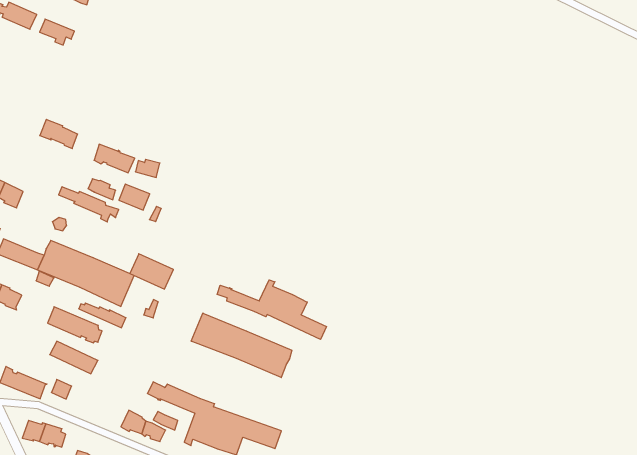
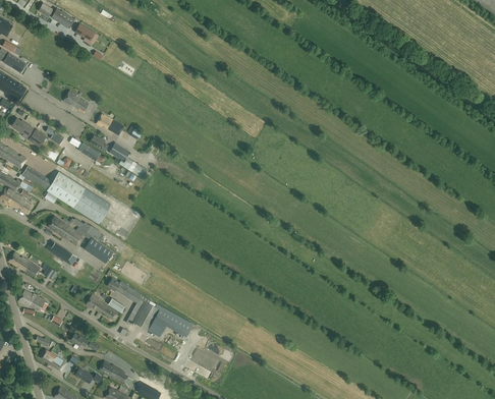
building: [130,254,173,289] -> [84,237,113,264]
building: [217,280,327,339] -> none
building: [191,313,292,378] -> none

